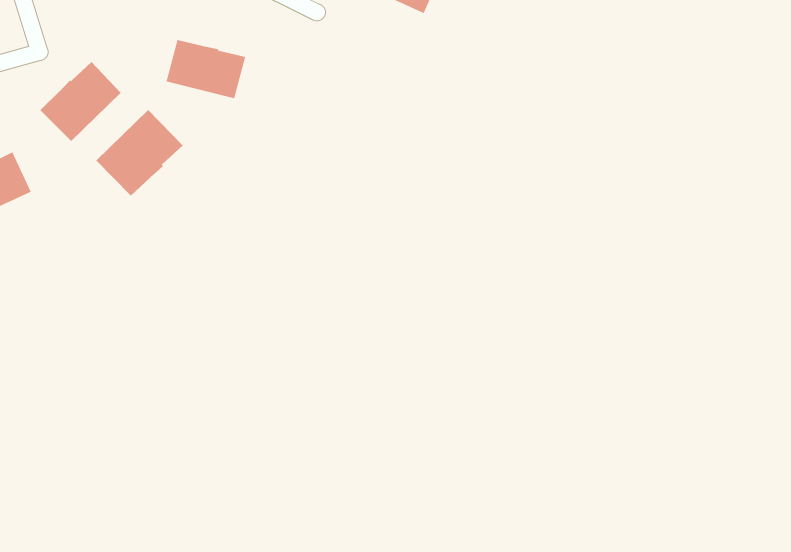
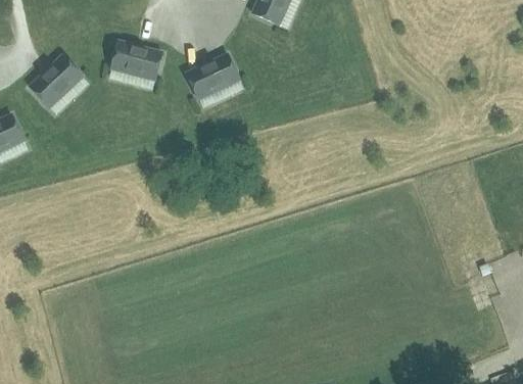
building: none -> [186,53,240,99]
building: [95,109,183,196] -> none

